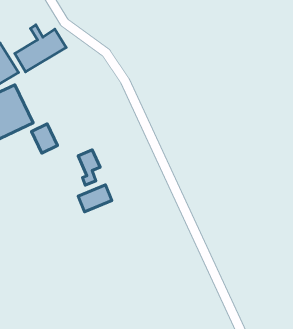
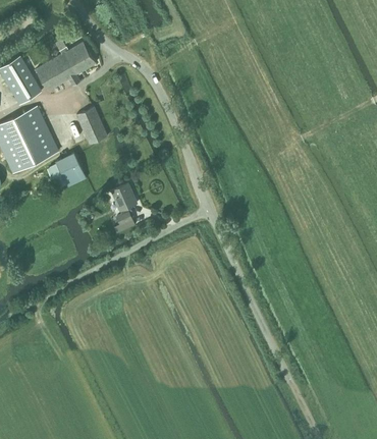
building: none -> [77,107,108,144]
building: [78,185,112,212] -> none

